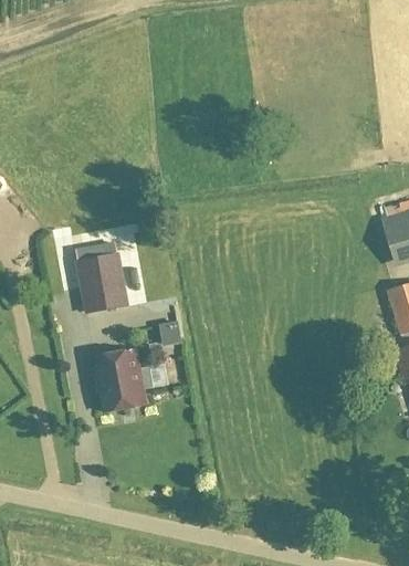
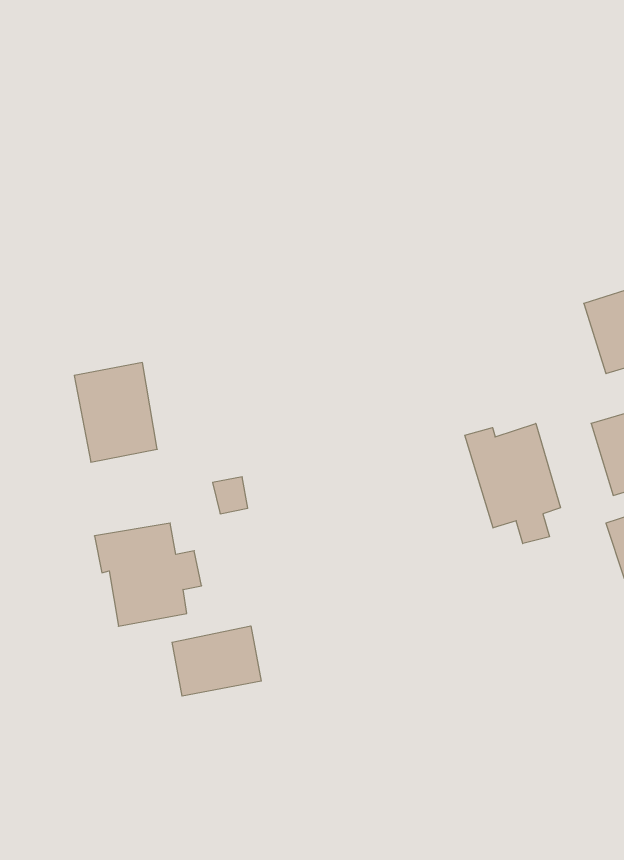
building: none -> [465,423,560,544]
building: none -> [172,626,261,696]

